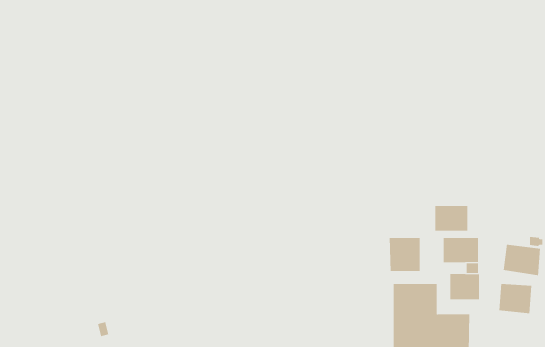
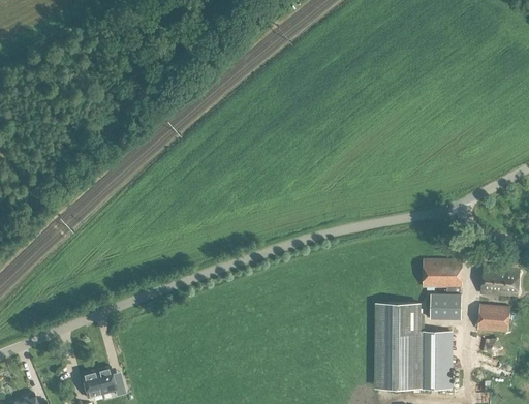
building: [435,205,468,232] -> none
building: [389,237,420,272] -> none

